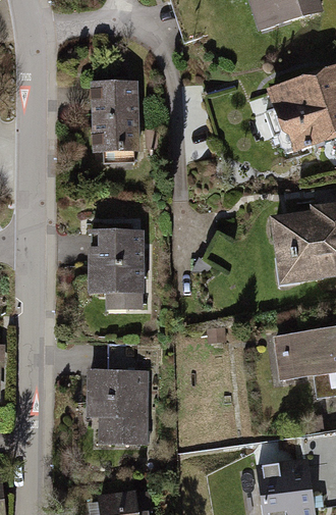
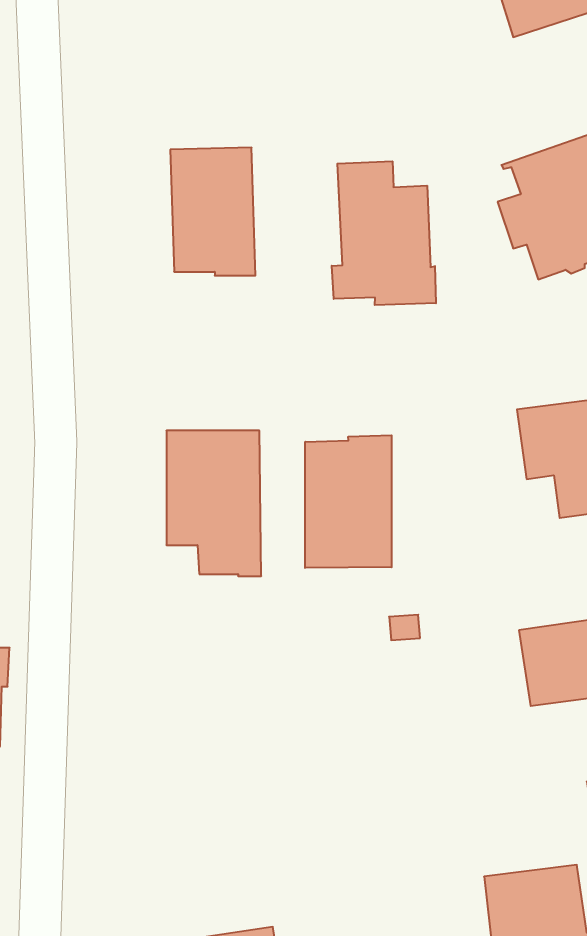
building: none -> [332,161,436,305]
building: none -> [305,435,392,568]
building: [89,371,144,442] -> none

